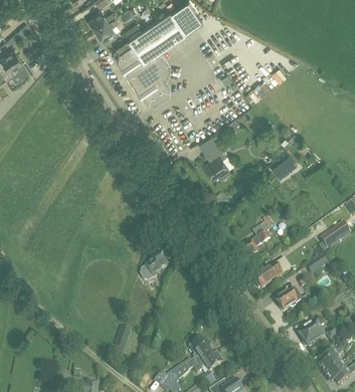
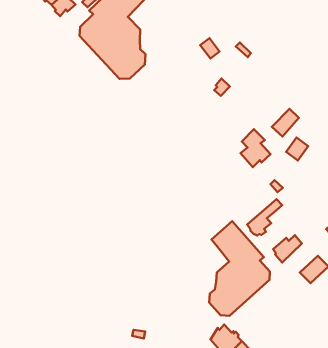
building: [202,145,228,178] -> [240,129,270,167]
building: none -> [209,221,270,316]
building: [139,249,165,279] -> none

